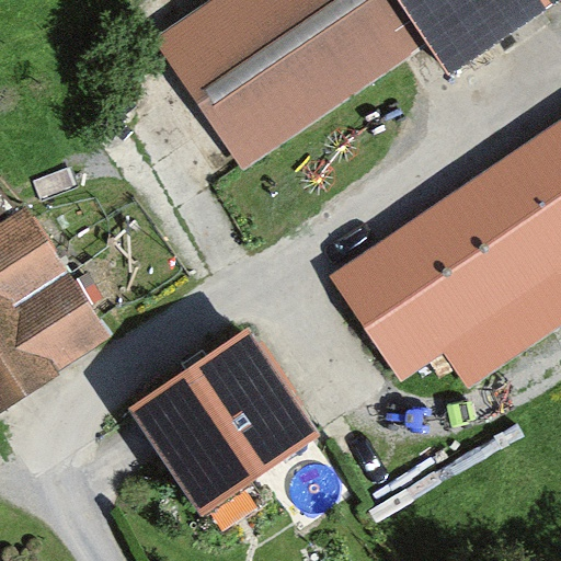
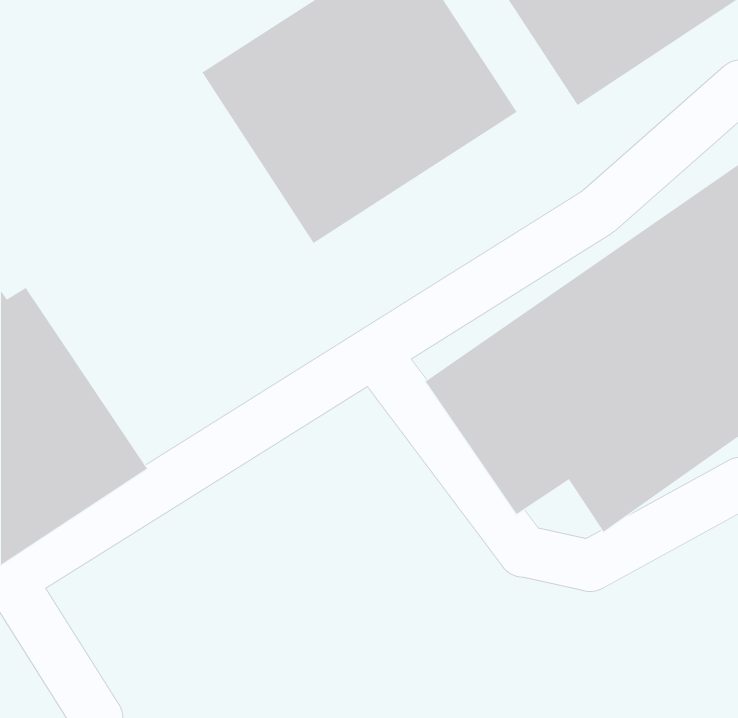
building: [118,334,311,523] -> none

